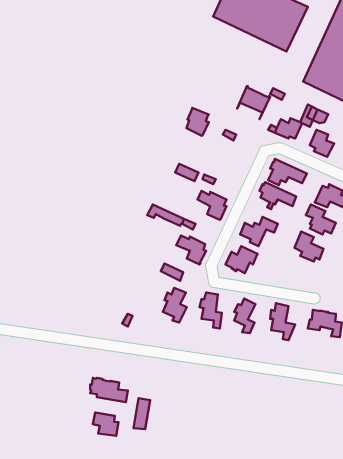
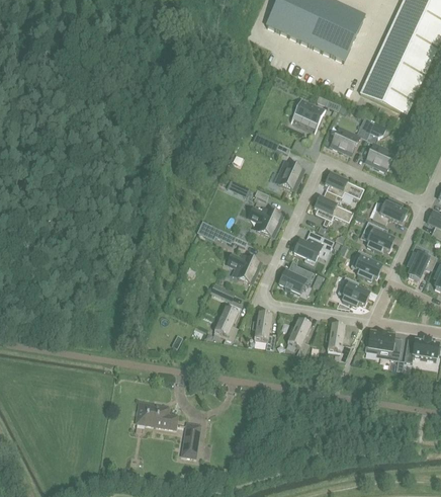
building: [186,108,209,136] -> [277,161,300,190]
building: none -> [337,275,368,307]
building: [93,413,118,436] -> none

